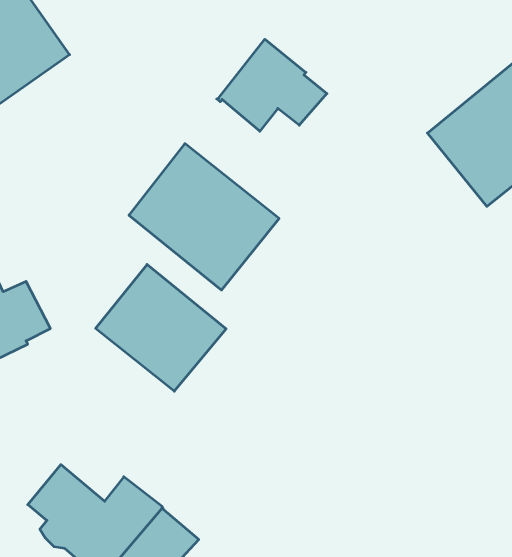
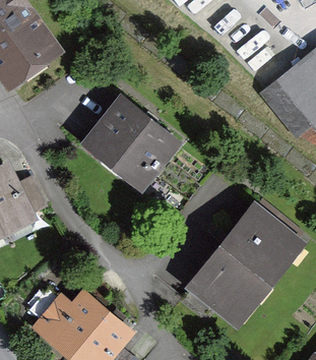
building: [217,39,327,131] -> none
building: [96,264,226,391] -> none
building: none -> [182,206,300,321]

